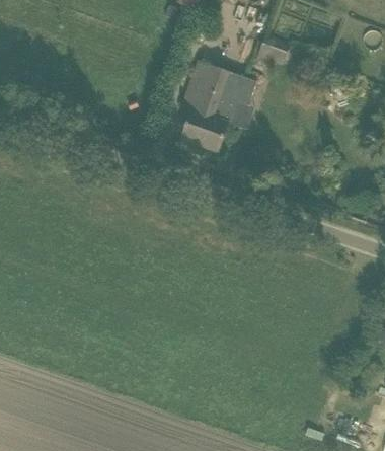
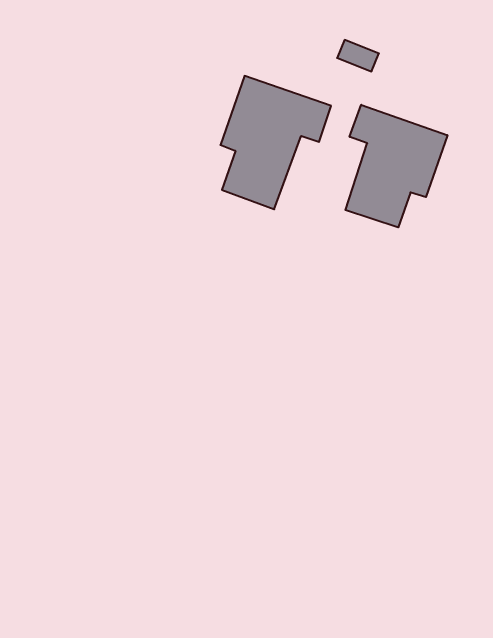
building: none -> [345,105,447,227]

